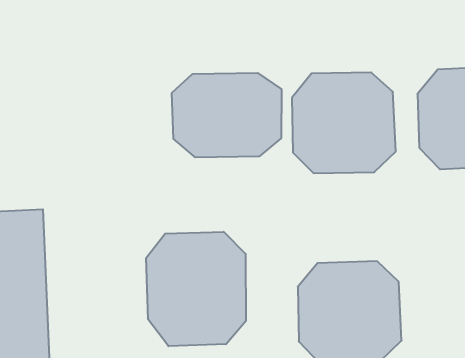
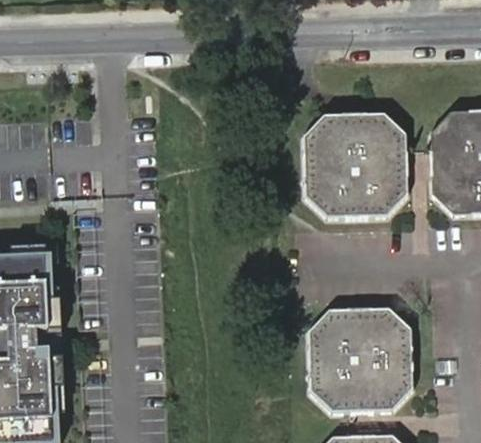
building: [172,73,281,157] -> none
building: [146,232,246,346] -> none

